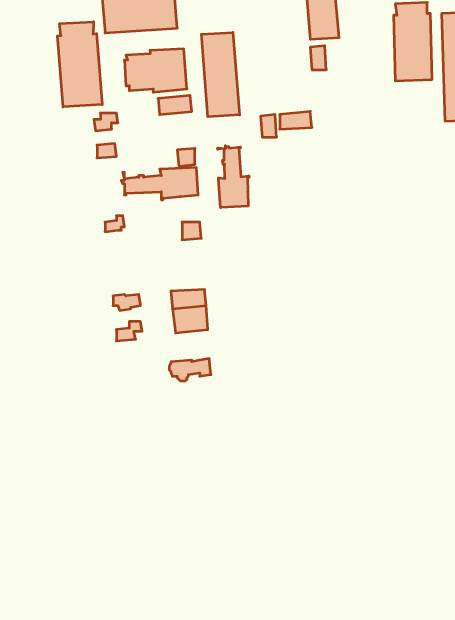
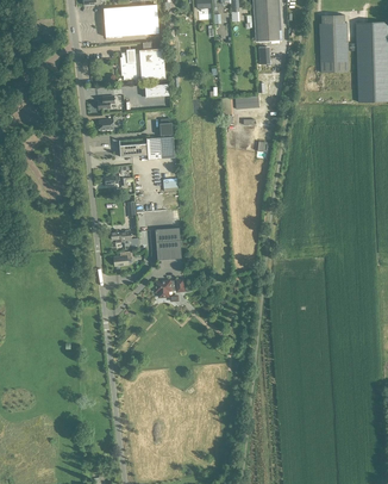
building: [57,22,102,107] -> none
building: [201,32,240,117] -> none
building: [218,146,249,208] -> none

